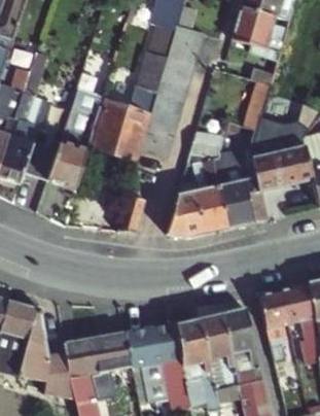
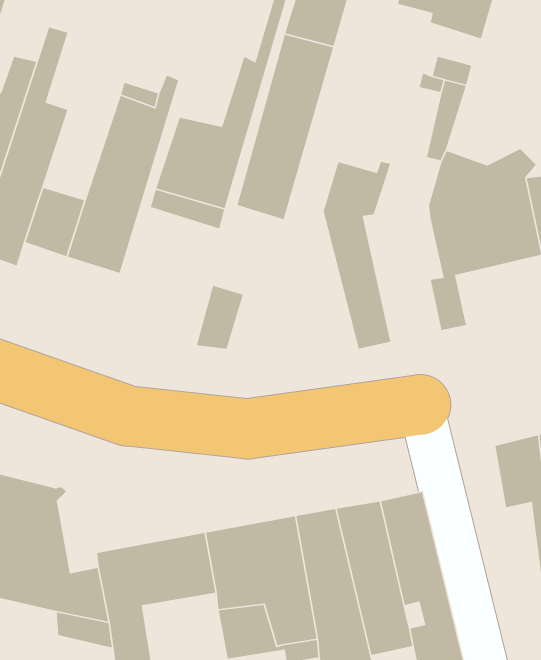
building: [213,151,257,228] -> none
building: [169,154,210,237] -> none
building: [261,285,292,354] -> none

